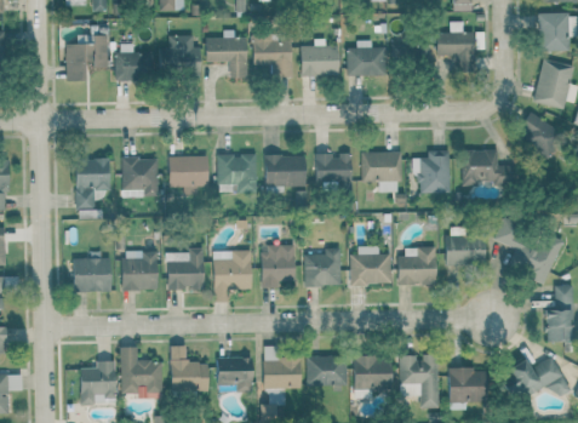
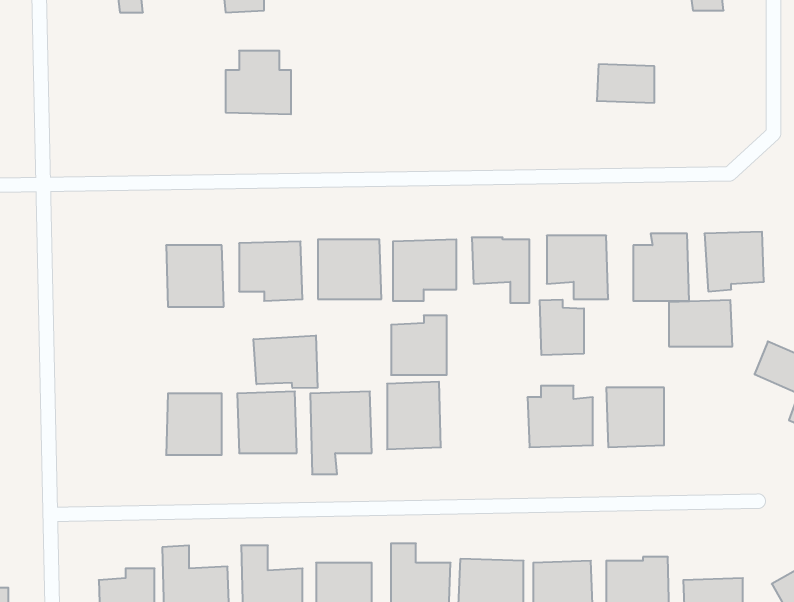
building: [437,21,474,68] -> none
building: [206,34,248,78] -> none
building: [253,34,293,76] -> none
building: [65,35,109,79] -> none
building: [302,38,339,76] -> none
building: [348,40,387,75] -> none
building: [116,42,154,79] -> none
building: [75,158,110,208] -> none
building: none -> [540,300,584,355]
building: none -> [254,335,318,388]
building: [446,235,486,264] -> [669,300,732,346]
building: [305,248,340,286] -> [391,315,447,375]
building: [73,257,111,292] -> none

